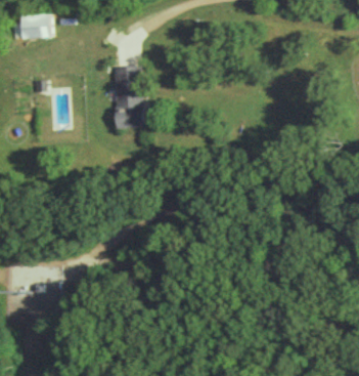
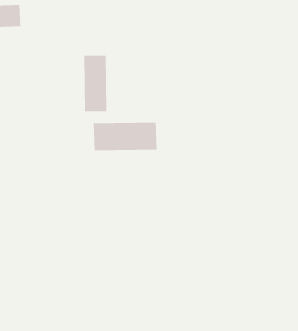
building: none -> [93,122,157,151]

